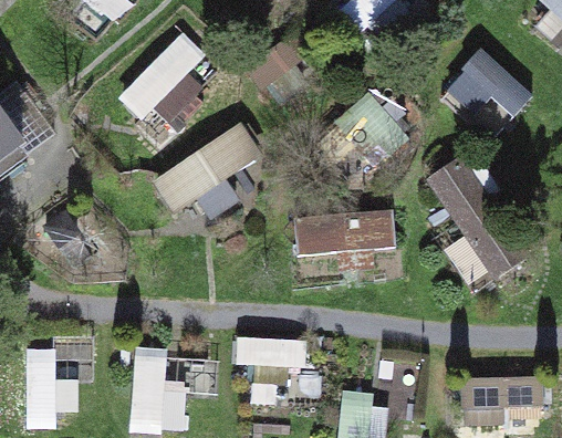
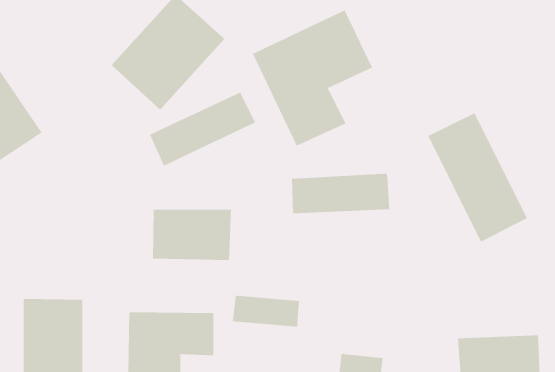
building: none -> [252,10,373,147]
building: [443,53,531,135] -> none
building: none -> [152,209,231,261]

